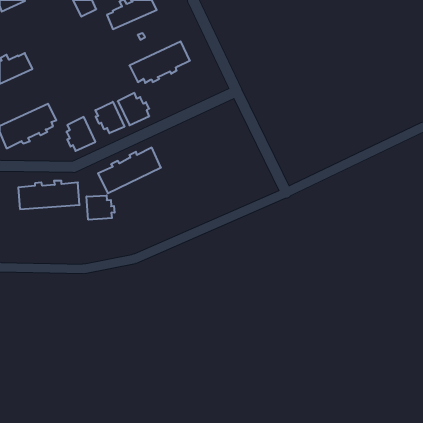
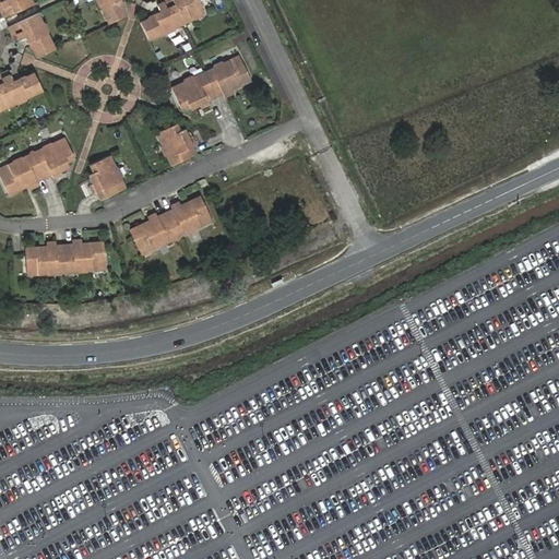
building: none -> [7,13,55,56]
building: [95,102,124,133] -> none
building: [87,195,115,220] -> none

